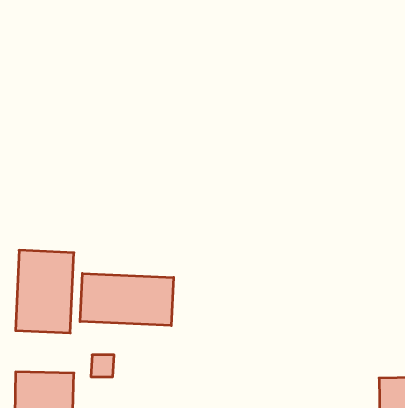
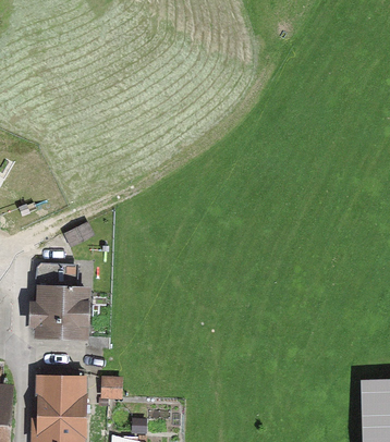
building: [80,273,174,326] -> none

